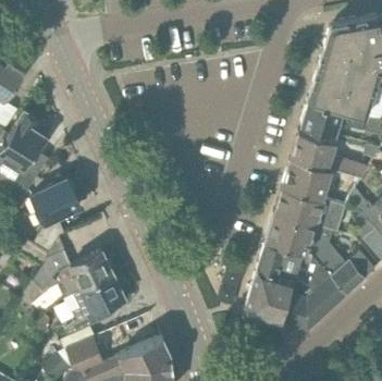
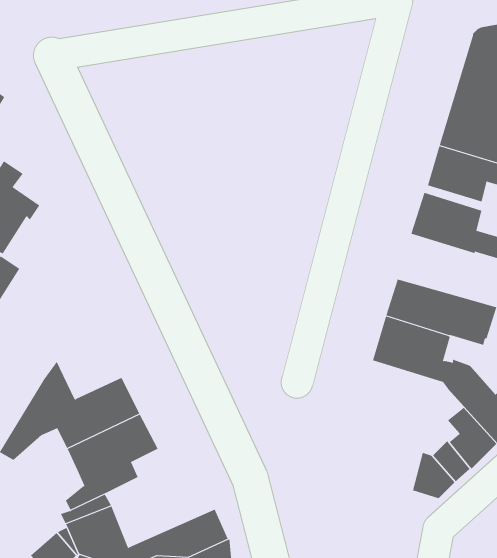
building: [282,158,333,199] -> none
building: [32,180,82,253] -> none
building: [245,241,311,323] -> none

